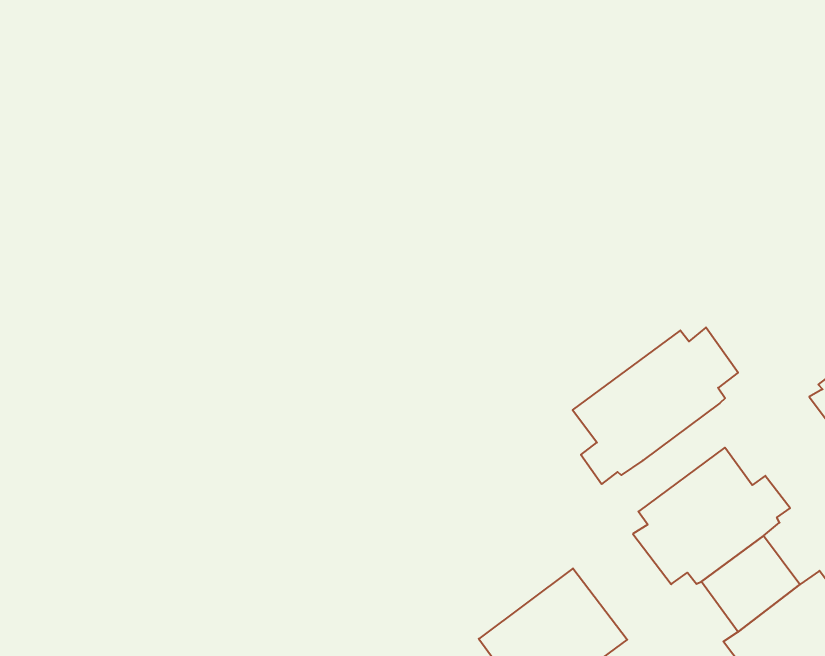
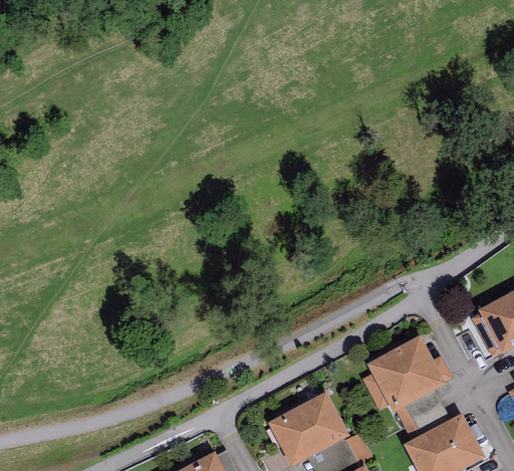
building: [573,327,738,484] -> none

